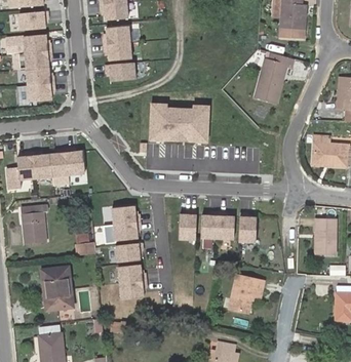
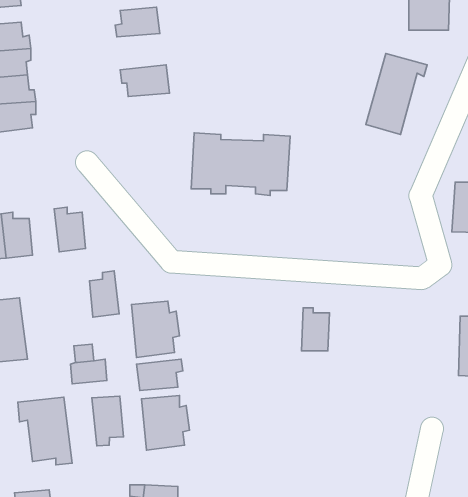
building: [101,41,128,59] -> none
building: [46,150,65,178] -> [89,271,119,317]
building: [177,210,195,238] -> none
building: [199,210,217,238] -> none
building: [237,211,255,240] -> none
building: none -> [92,396,124,446]
building: [232,274,267,311] -> none

